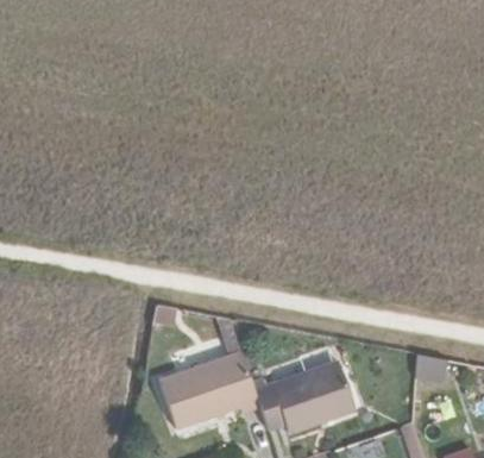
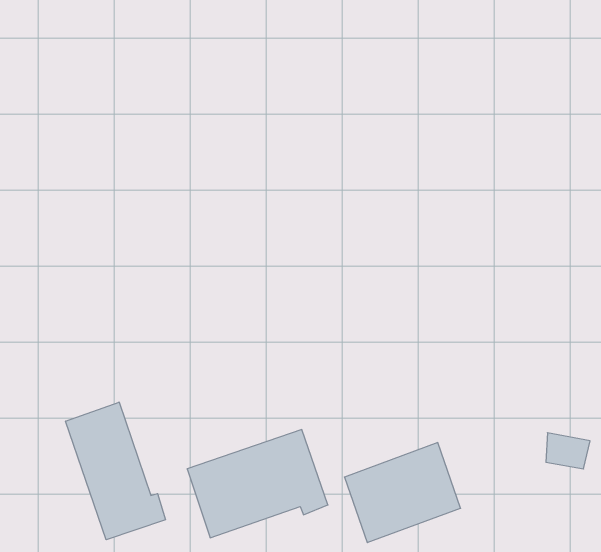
building: none -> [66,402,165,540]

